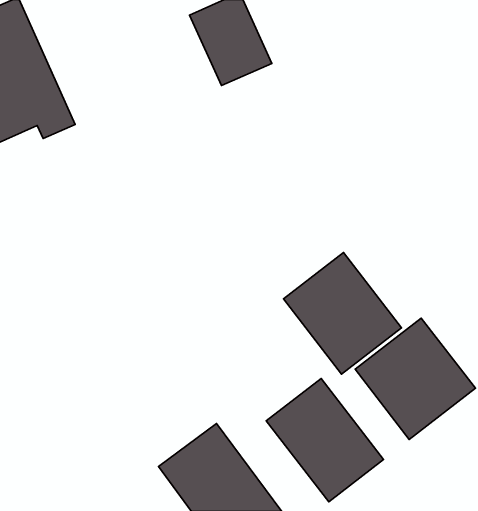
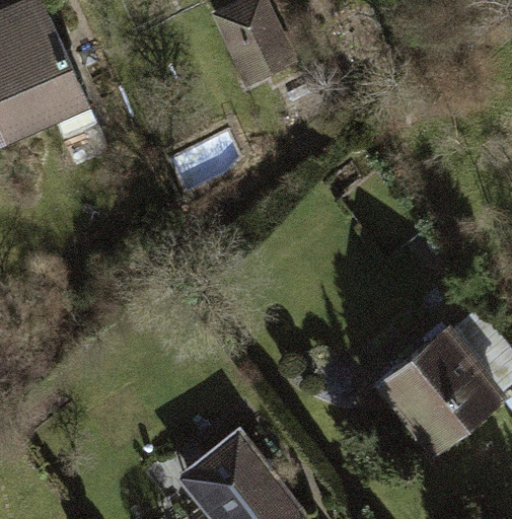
building: [283,252,402,374] -> none
building: [266,378,384,502] -> none

